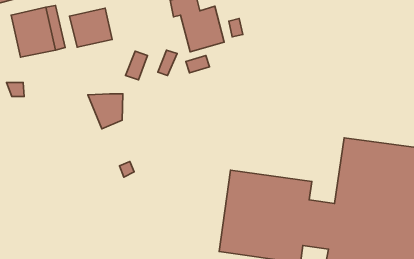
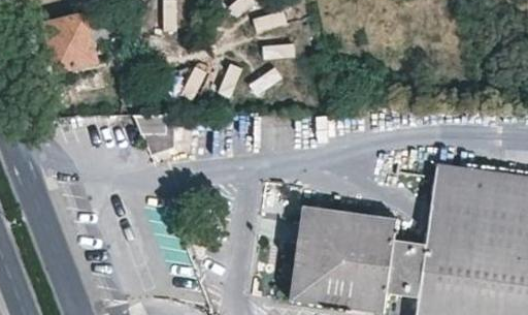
building: [69,8,112,47] -> none

